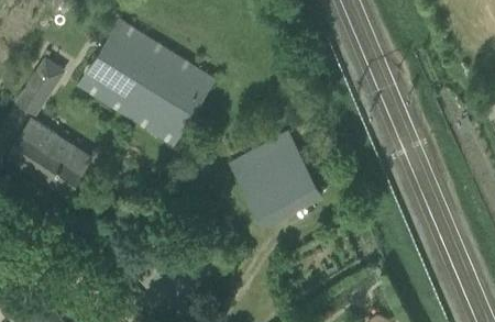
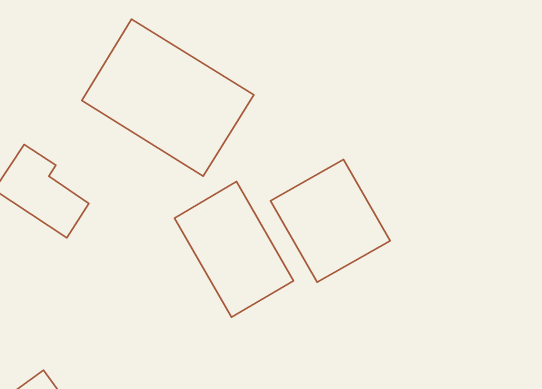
building: [17,59,64,114] -> none
building: none -> [174,182,294,317]

